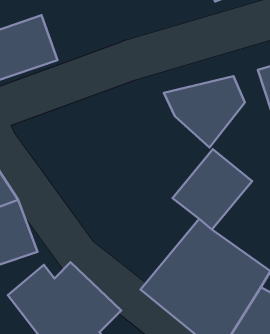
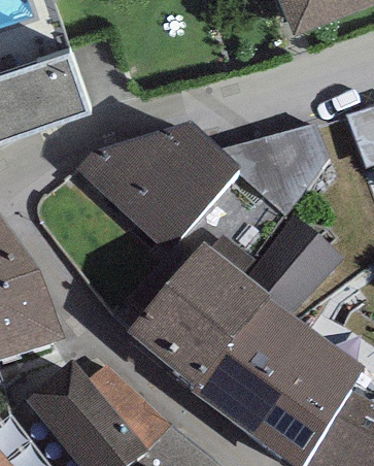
building: none -> [76,129,238,257]
building: none -> [128,248,273,396]

